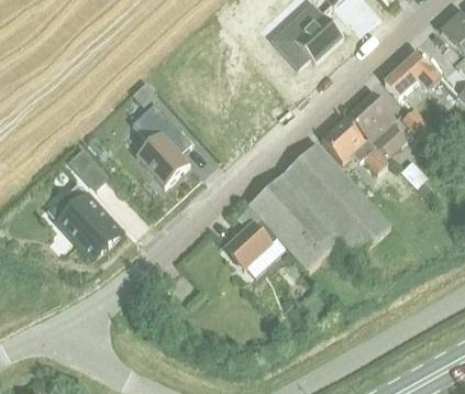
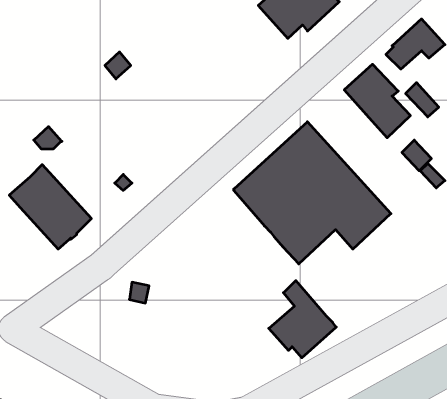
building: [132,101,191,184] -> none
building: [320,117,389,172] -> none
building: [224,204,285,273] -> [269,281,336,358]

